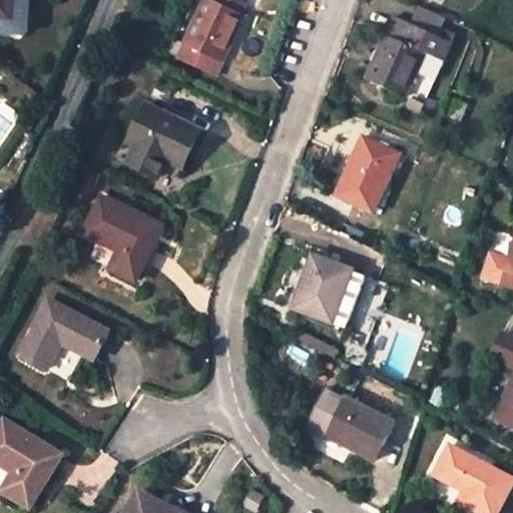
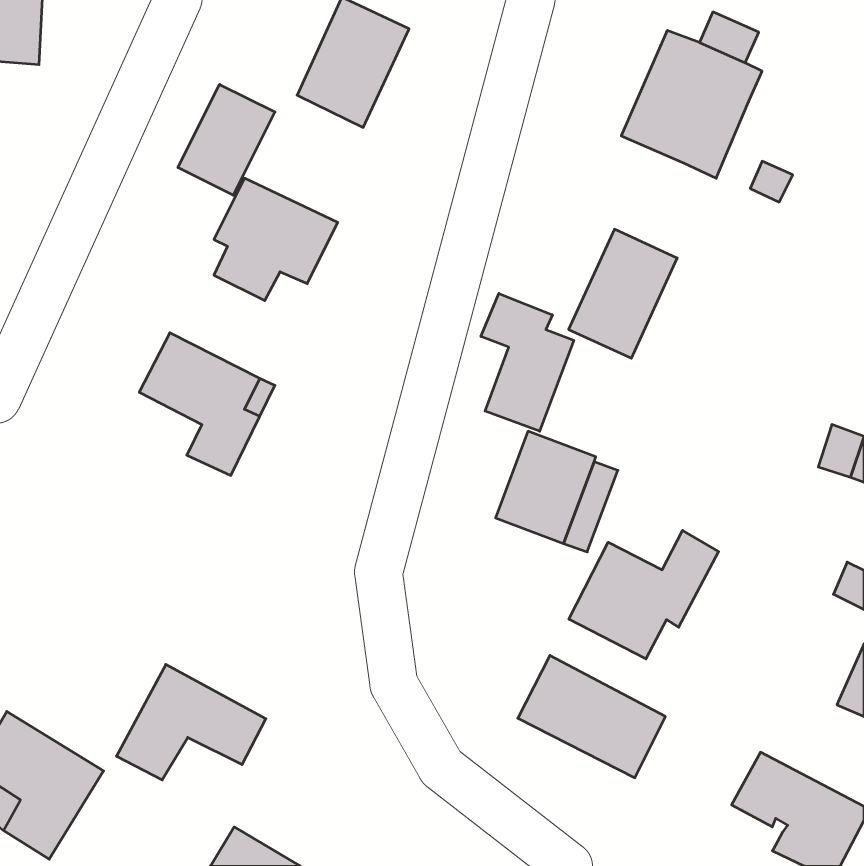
building: none -> [178,84,275,195]
building: none -> [481,293,574,431]
building: [19,300,107,368] -> [116,664,266,780]
building: none -> [569,530,719,659]

